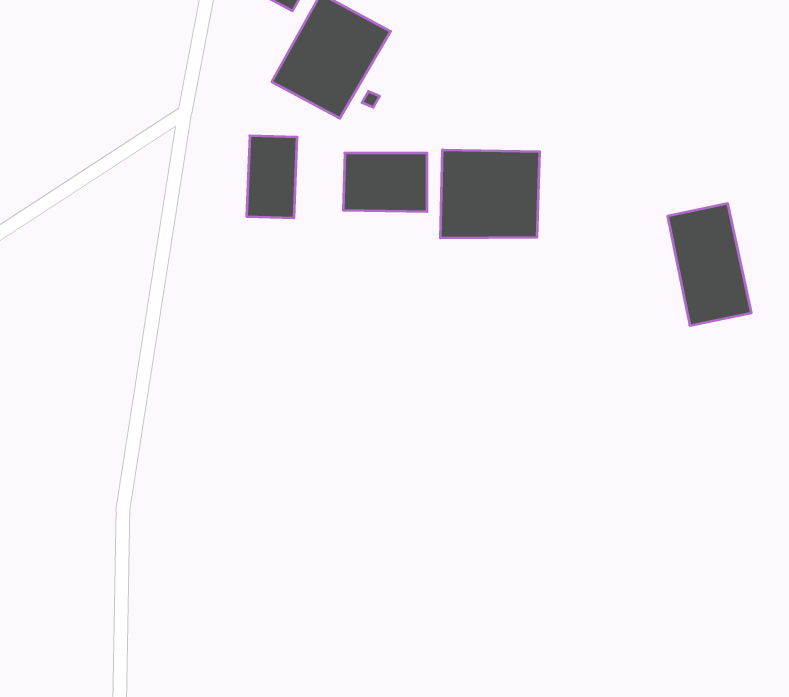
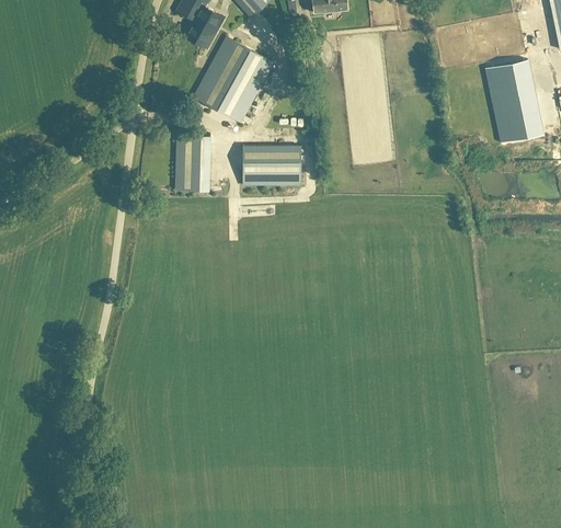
building: [440,150,540,238] -> none
building: [668,204,751,325] -> [482,57,540,141]

